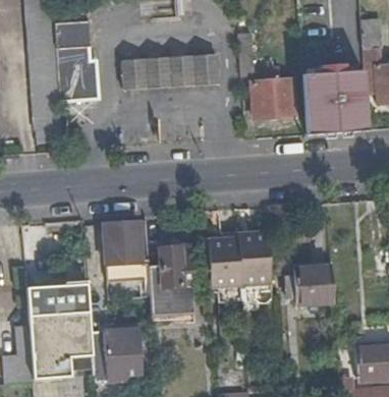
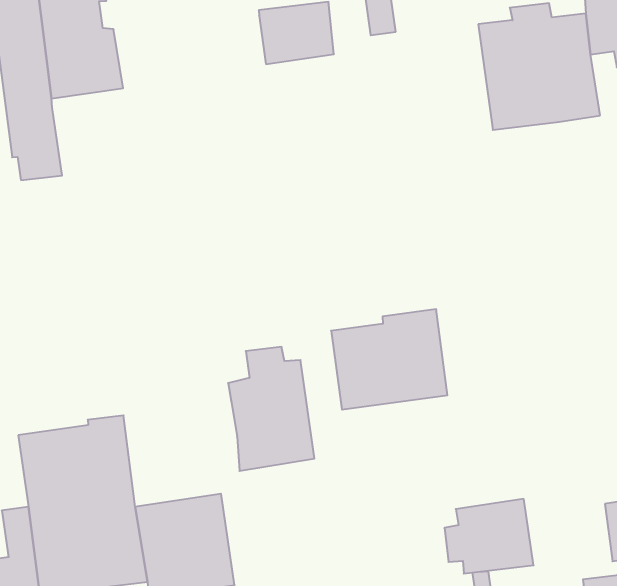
building: [121,57,180,90] -> none
building: [251,63,294,117] -> none
building: [103,220,148,279] -> none
building: [284,266,333,305] -> [444,499,534,574]

